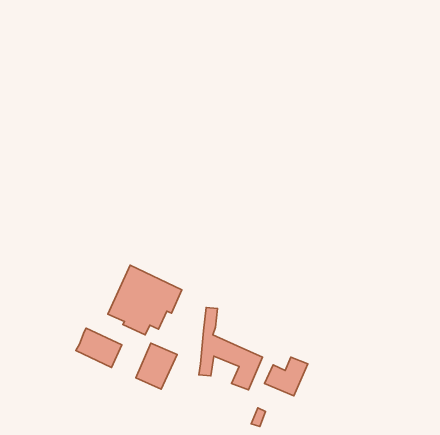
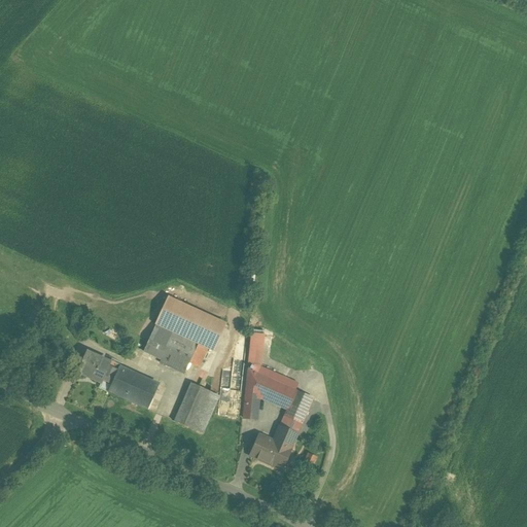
building: none -> [78,350,117,382]
building: [265,357,308,396] -> [250,425,297,467]

